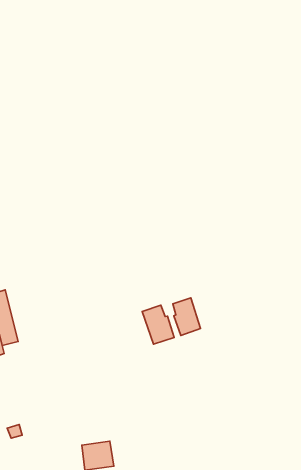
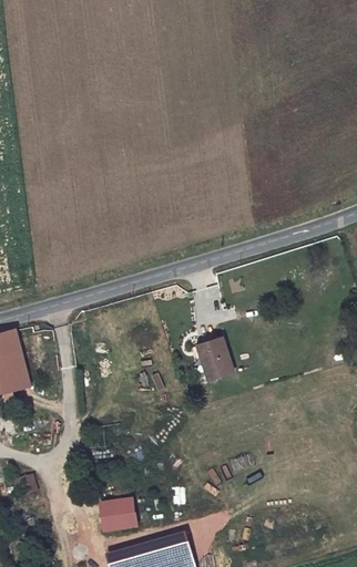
building: [142,305,174,344] -> none

